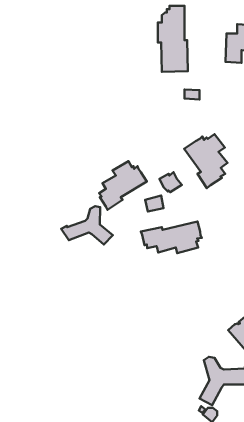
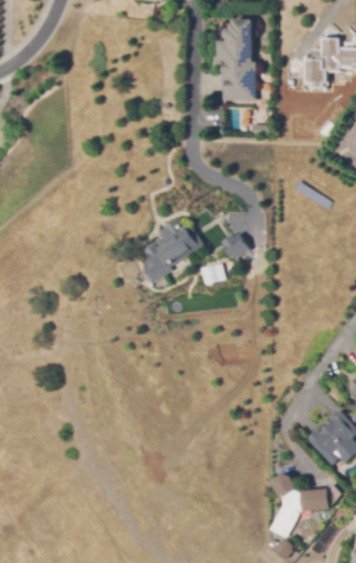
building: [184,134,228,188] -> none
building: [61,206,113,244] -> none
building: [141,221,202,253] -> none

